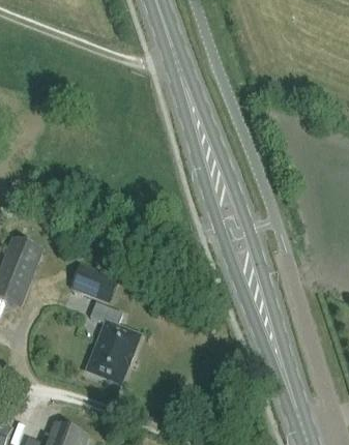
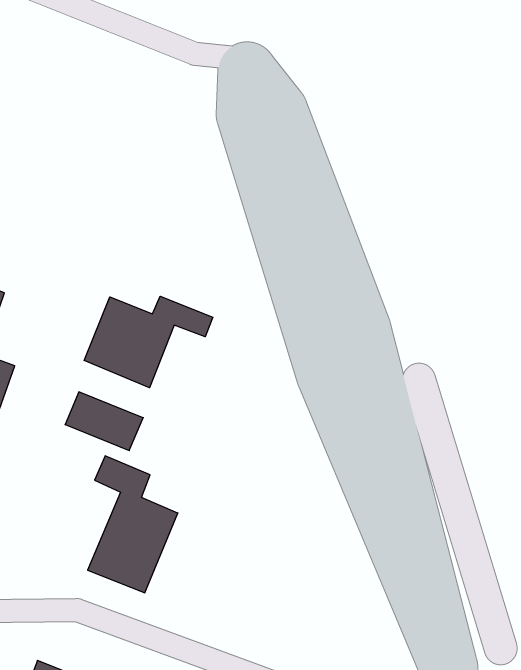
building: none -> [84,296,213,388]

